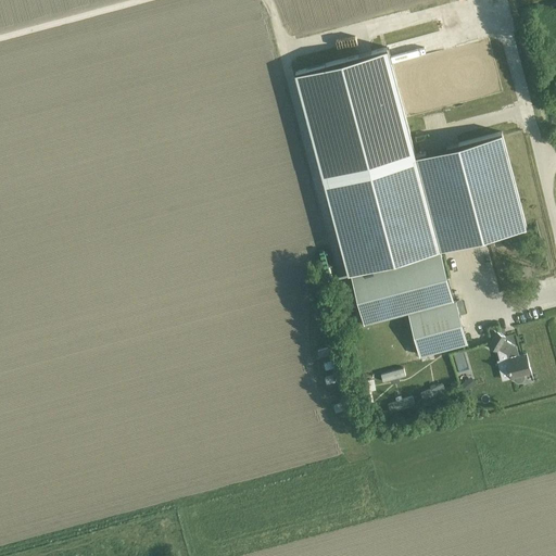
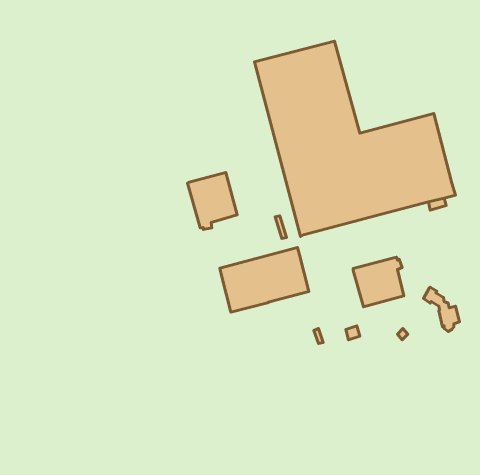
building: none -> [188,173,237,230]
building: [351,253,454,328] -> [220,247,309,312]

